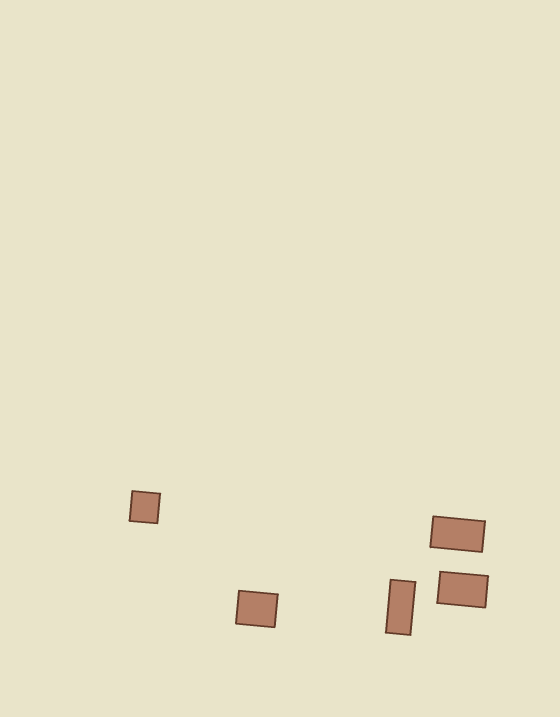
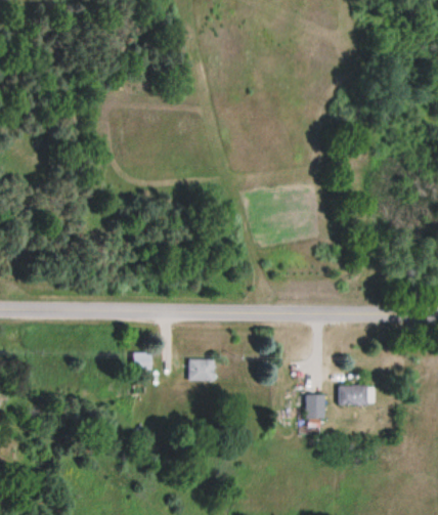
building: [431,516,485,552] -> none
building: [236,591,278,627] -> [189,358,215,380]

